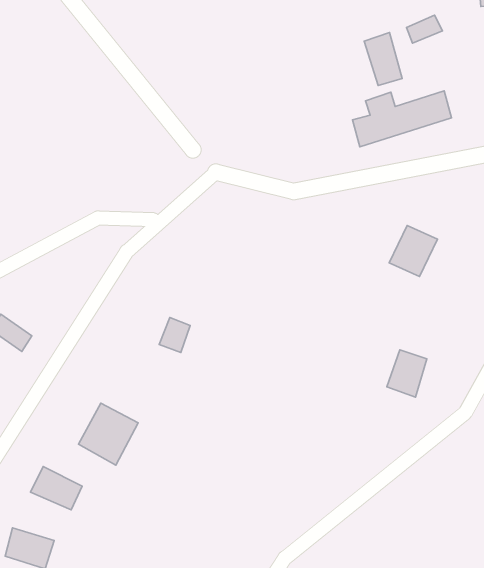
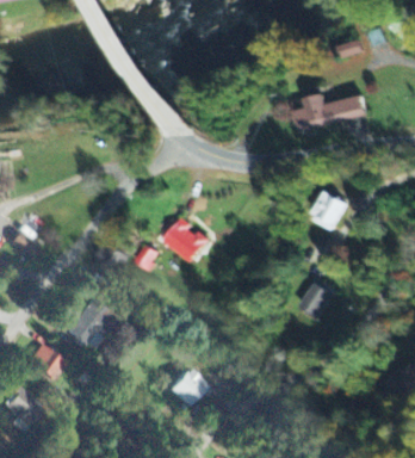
building: [364,32,402,85] -> none
building: none -> [162,216,208,262]
building: none -> [172,367,212,408]

